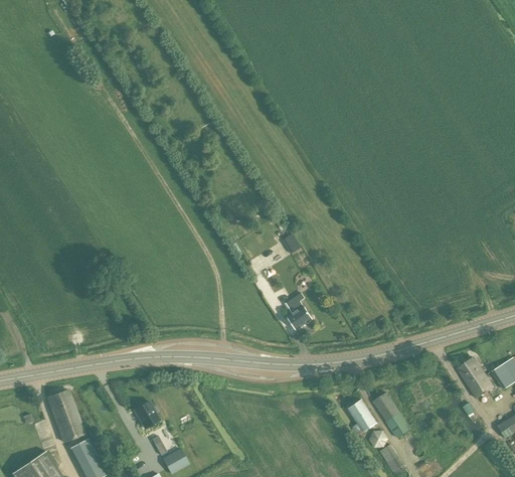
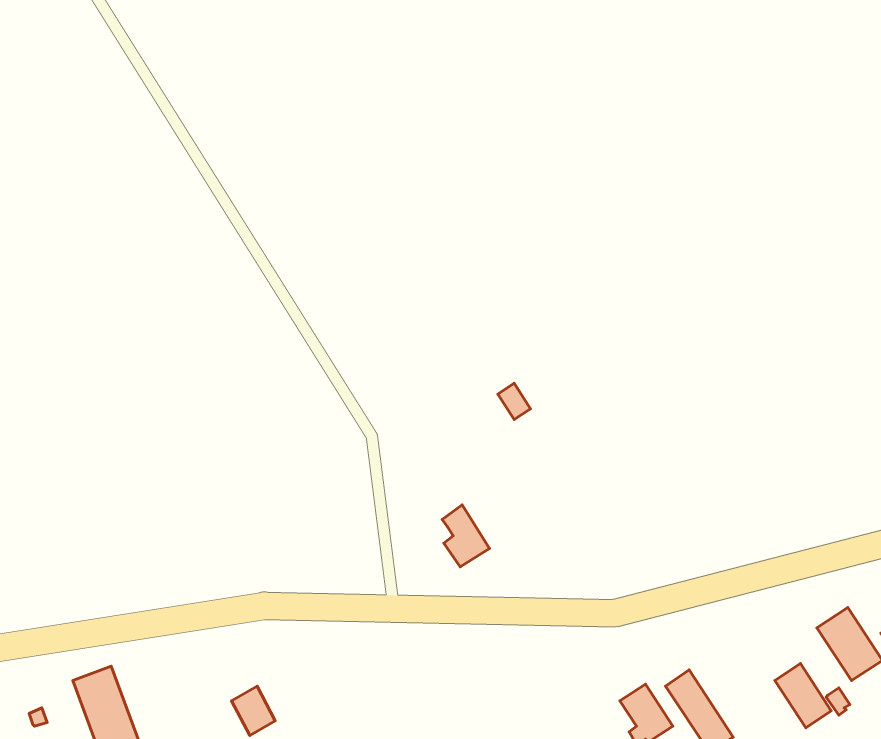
building: [285,295,311,329] -> [442,505,489,567]
building: none -> [775,664,831,728]

